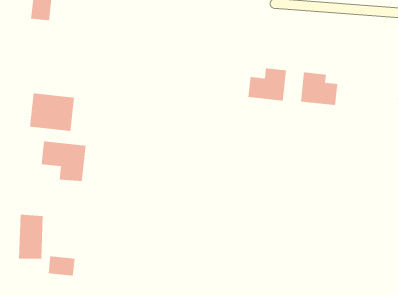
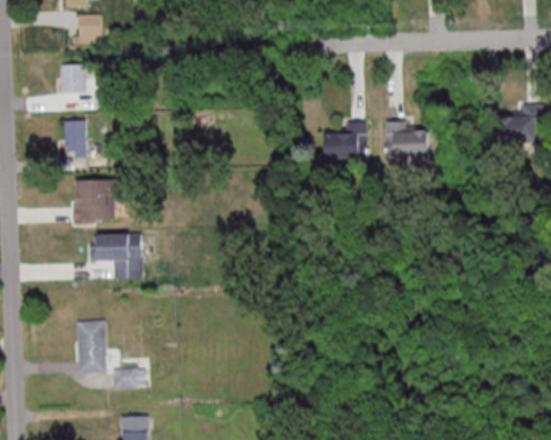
building: none -> [63,121,85,160]

